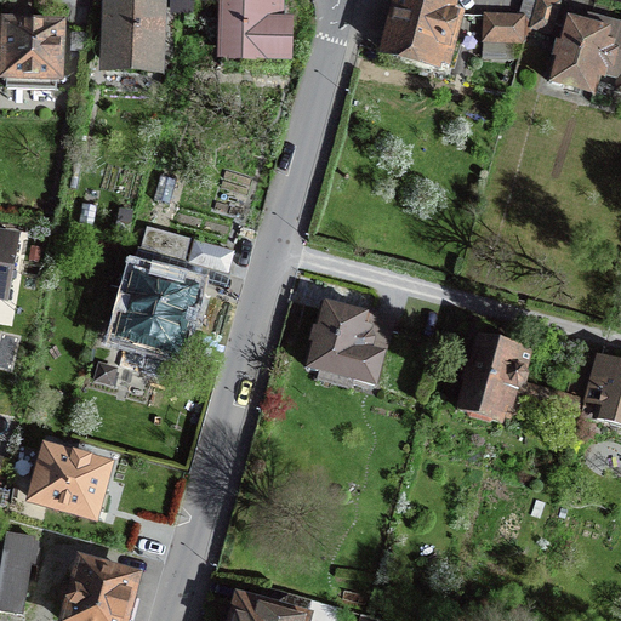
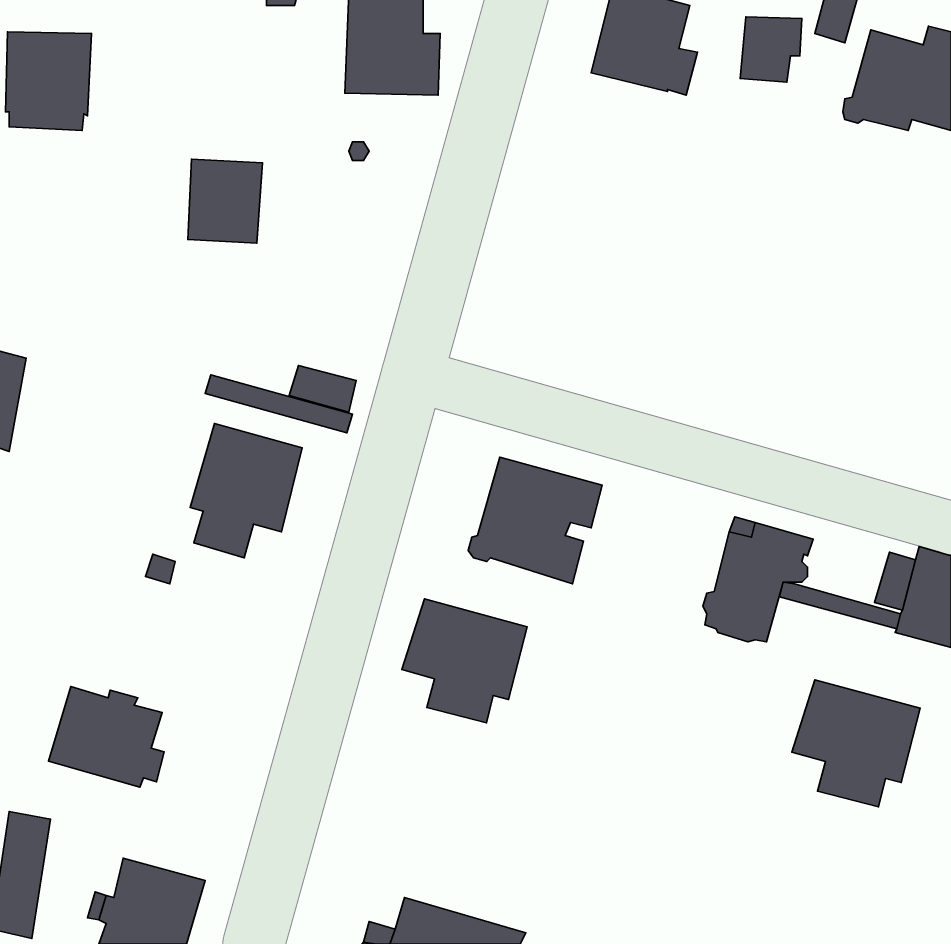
building: [108,6,156,61] -> [188,159,262,243]
building: none -> [402,599,527,723]
building: none -> [792,680,920,807]

